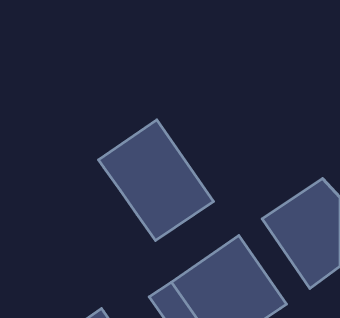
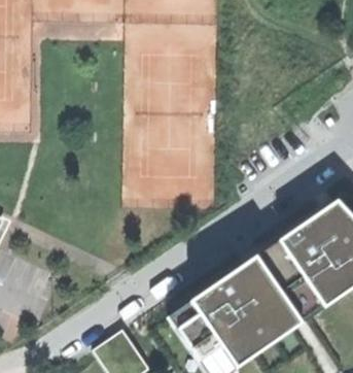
building: [99,120,214,241] -> none
building: none -> [253,241,322,325]

